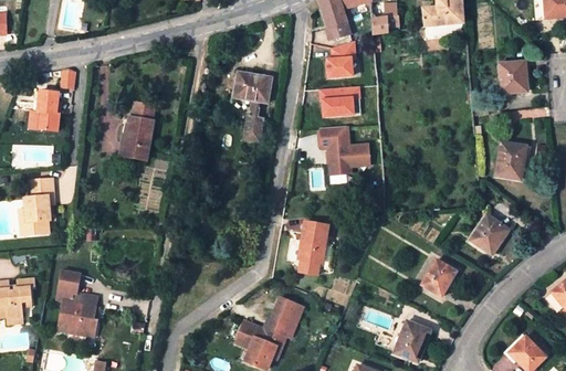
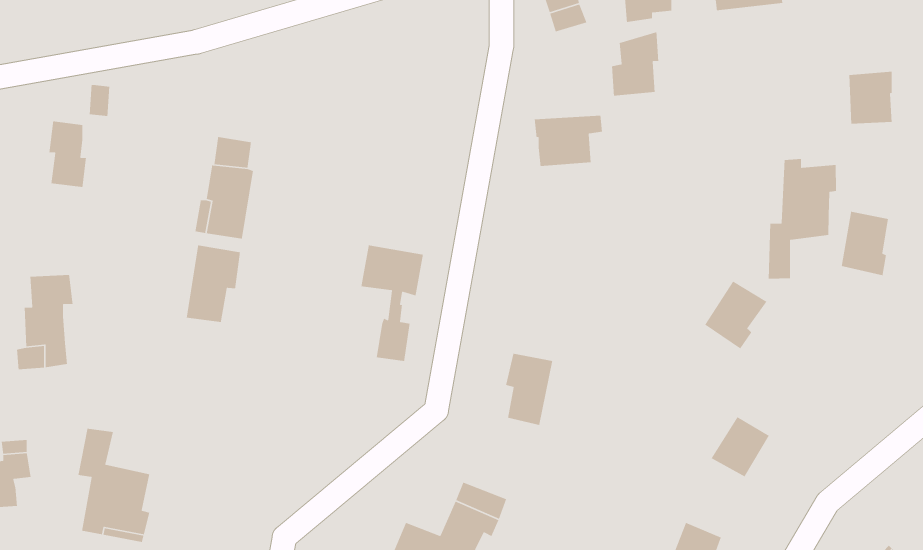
building: [326,41,354,78] -> [611,31,659,96]
building: [234,72,271,139] -> [361,245,424,362]
building: none -> [768,158,837,280]
building: [319,126,370,176] -> none
building: none -> [186,244,241,323]
building: [470,214,506,254] -> [704,281,767,350]

